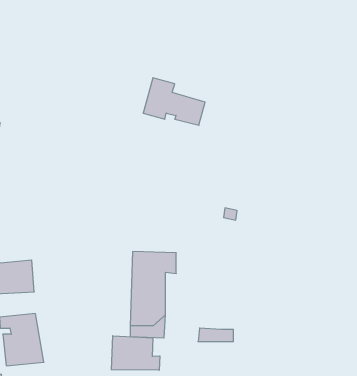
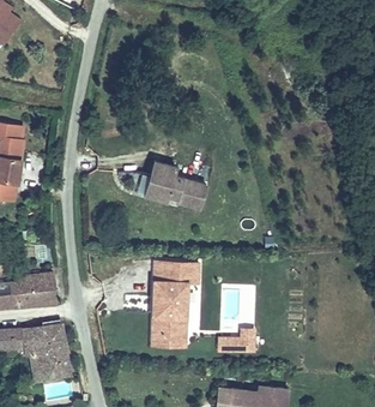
building: [143,78,205,125] -> [149,156,210,203]
building: [111,336,160,370] -> none

